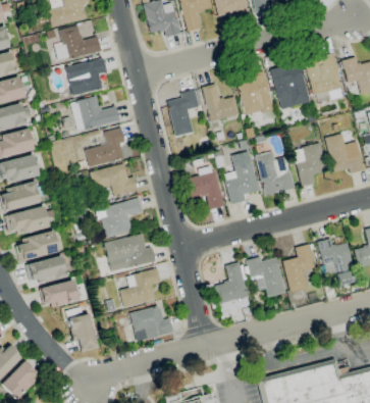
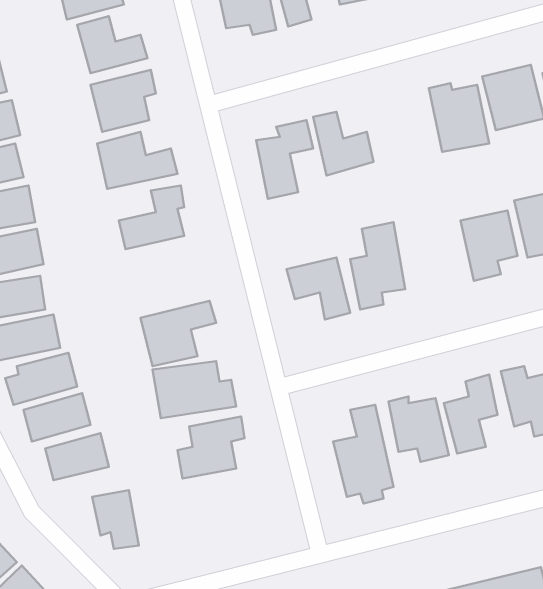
building: [237,70,273,114] -> none
building: [255,151,293,195] -> none
building: [90,163,137,195] -> none
building: [129,305,173,341] -> none

